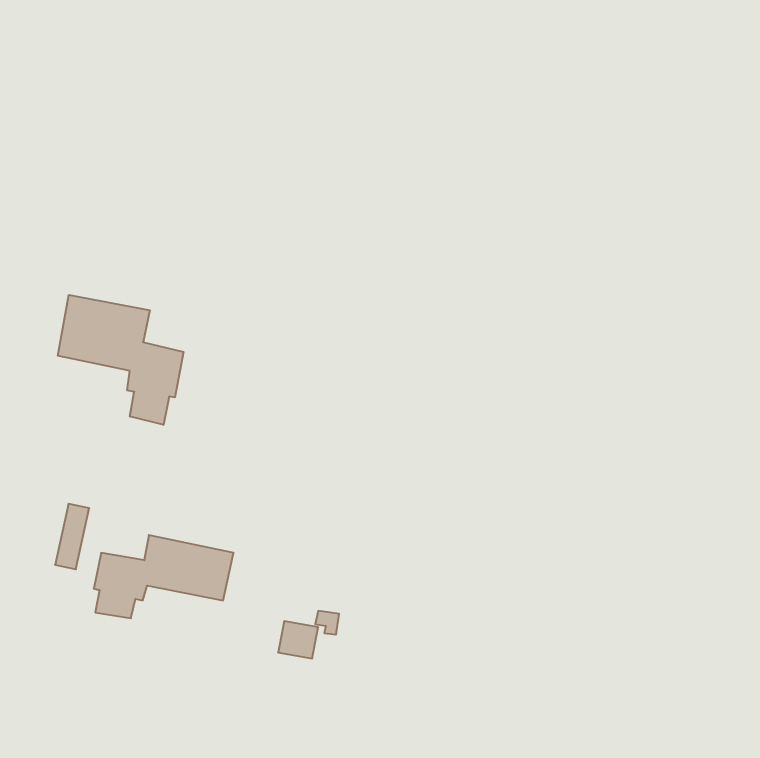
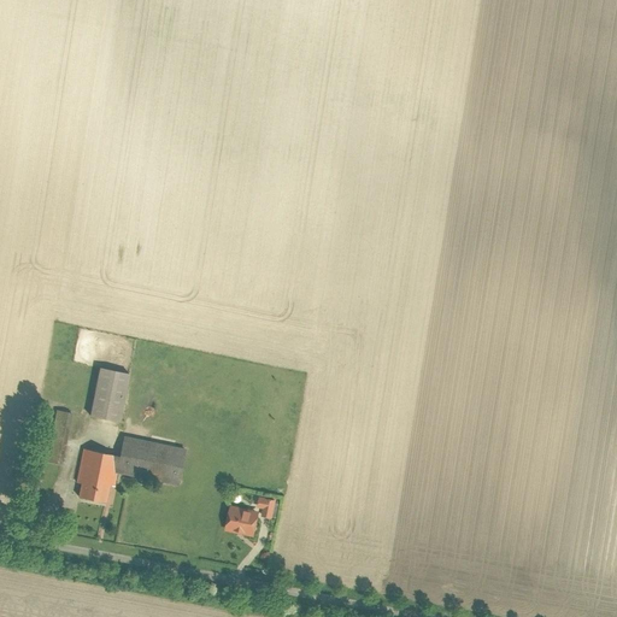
building: [58,295,184,425] -> none
building: none -> [88,365,129,421]

